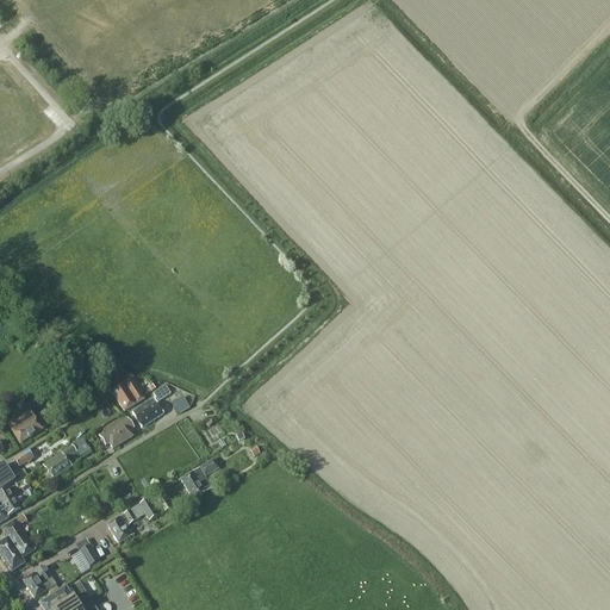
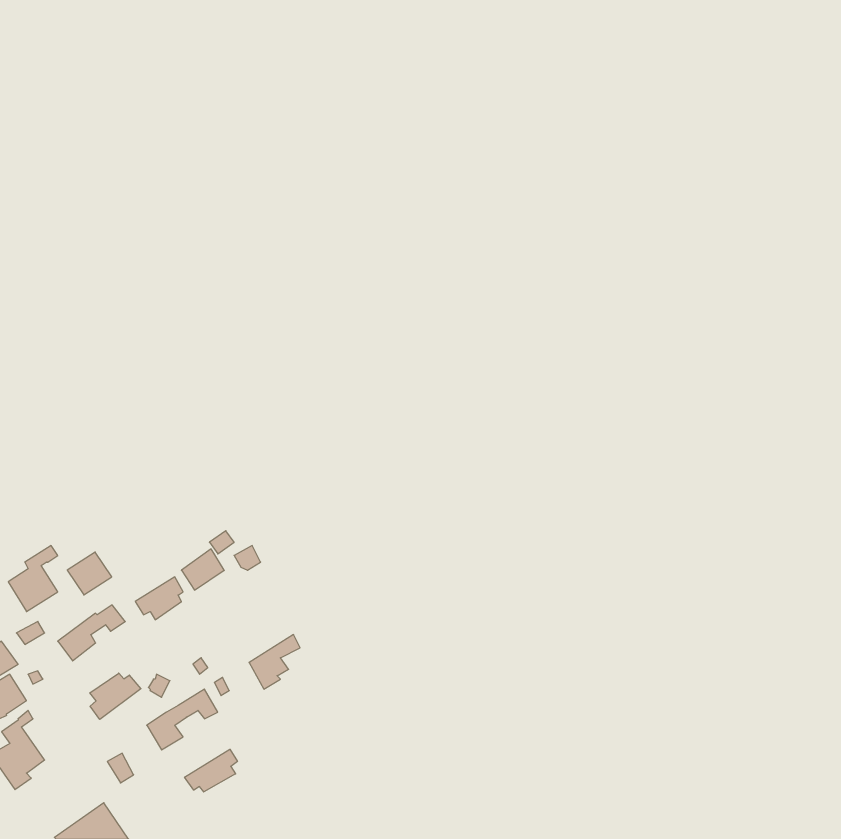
building: [111,378,143,409] -> [67,552,112,595]
building: none -> [90,673,141,719]
building: none -> [185,749,237,792]
building: [21,566,56,597] -> none

